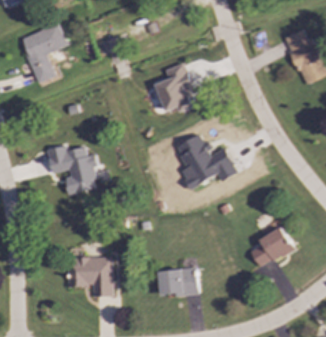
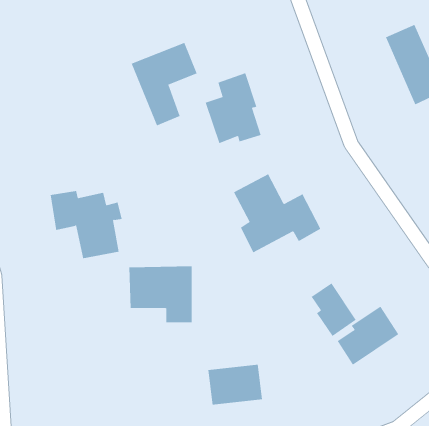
building: [19,23,66,82] -> [131,42,198,126]
building: none -> [311,282,357,337]
building: [67,256,112,296] -> [128,266,192,323]

